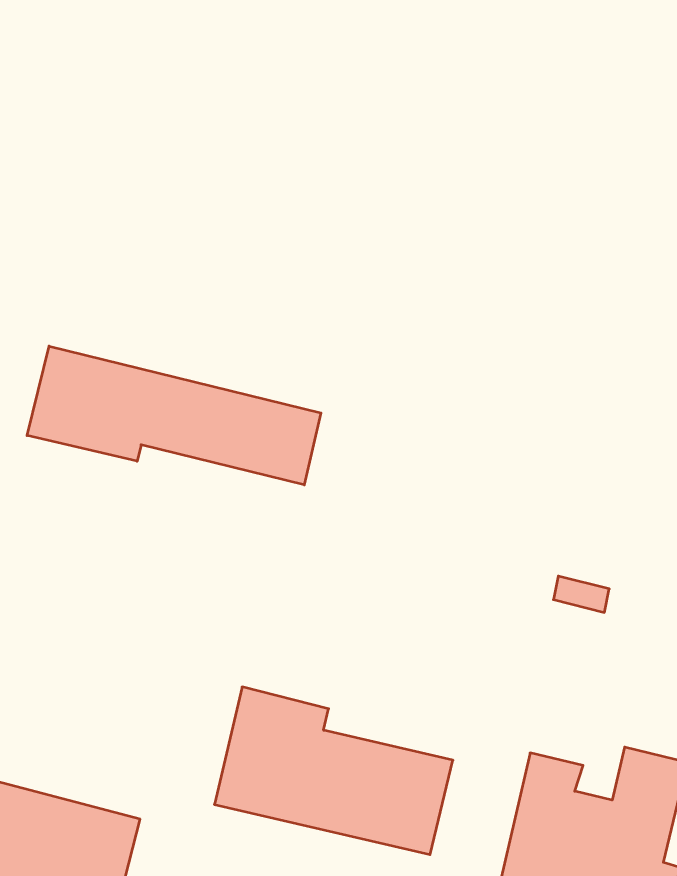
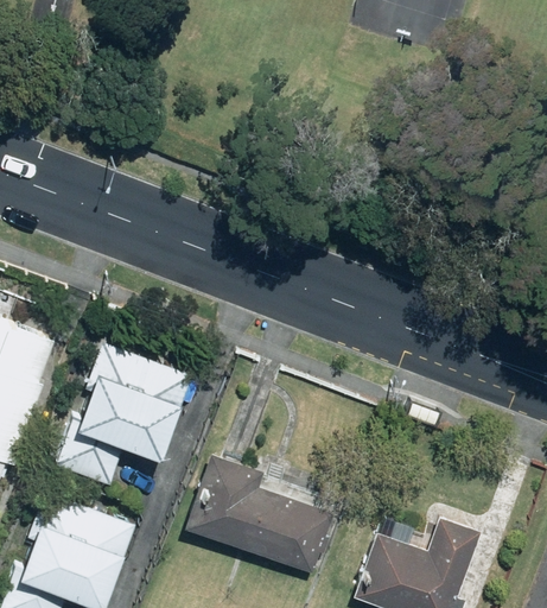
building: [27,346,321,485] -> none
building: none -> [59,347,191,487]

